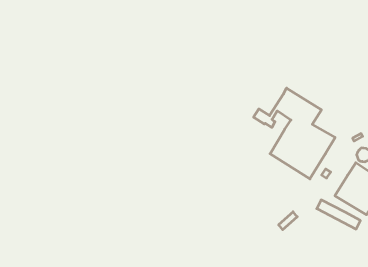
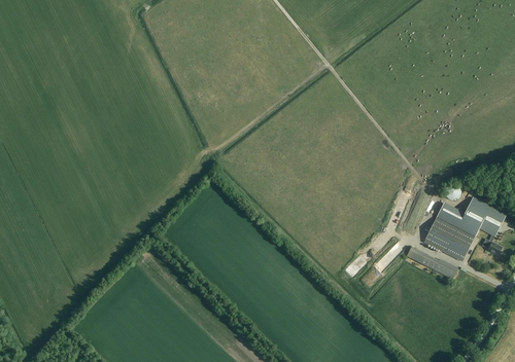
building: [254,88,335,179] -> none

